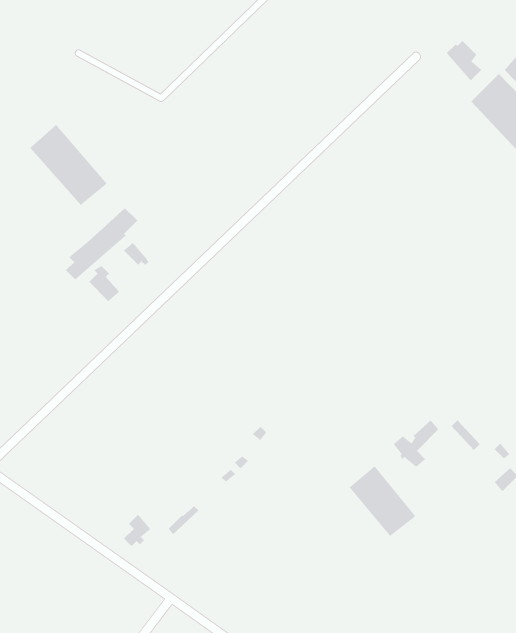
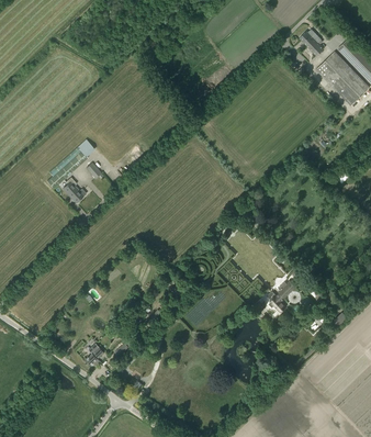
building: [29,124,107,206] -> none
building: [349,466,416,537] -> none

